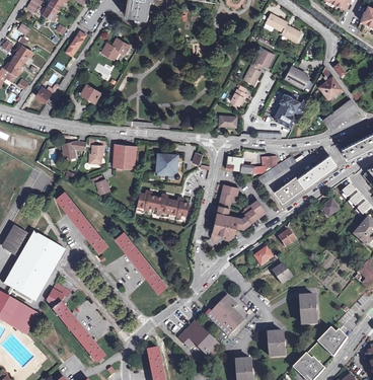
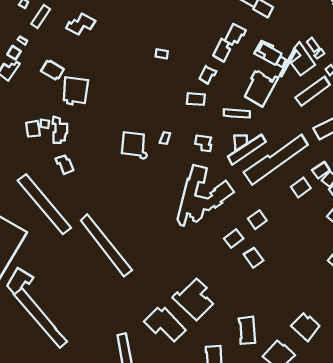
building: [113,144,136,170] -> [64,77,88,104]
building: [135,193,188,220] -> none
building: [300,295,315,324] -> none

